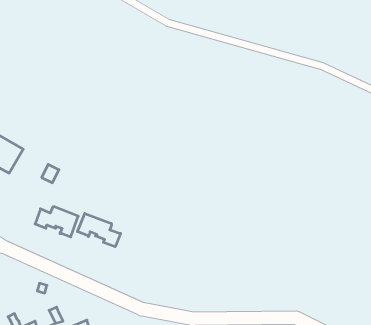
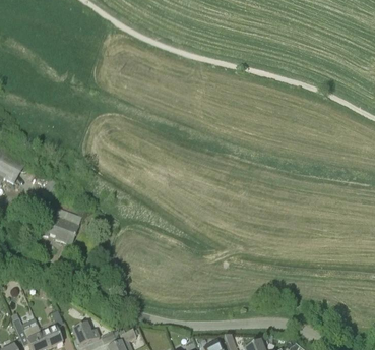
building: [77,213,121,247] -> none

